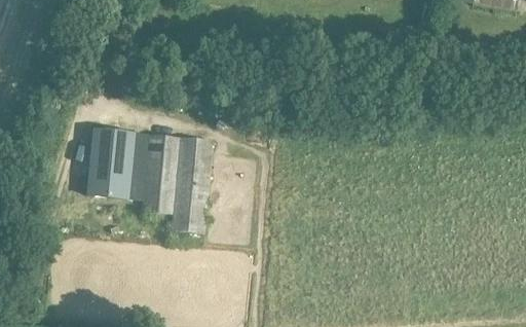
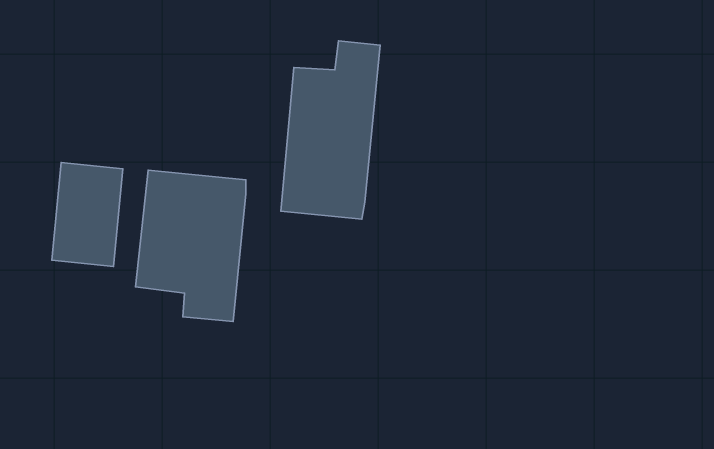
building: none -> [281,41,380,219]

